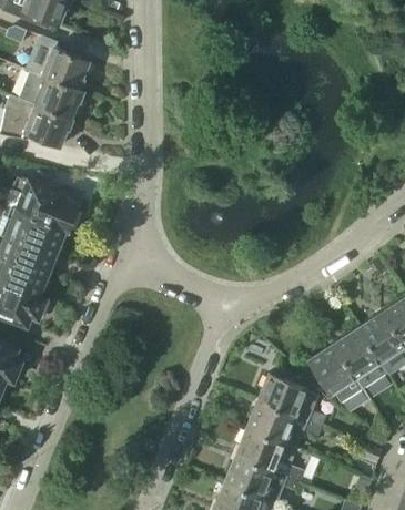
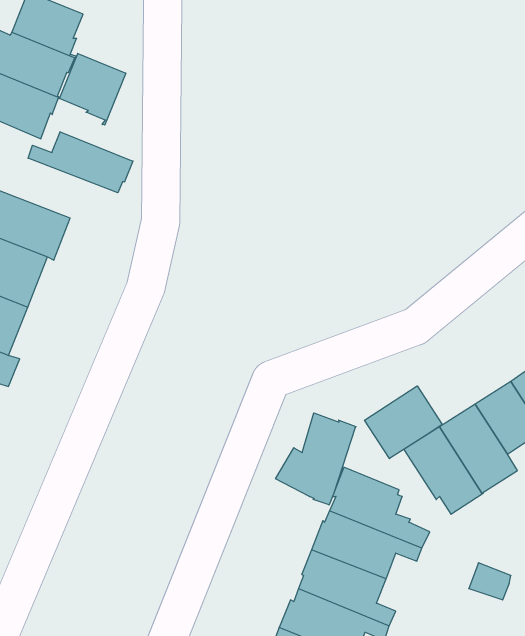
building: none -> [59,53,126,125]
building: none -> [28,132,133,193]
building: none -> [365,386,442,459]
building: none -> [276,413,356,505]

